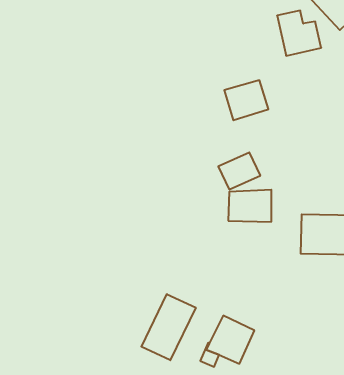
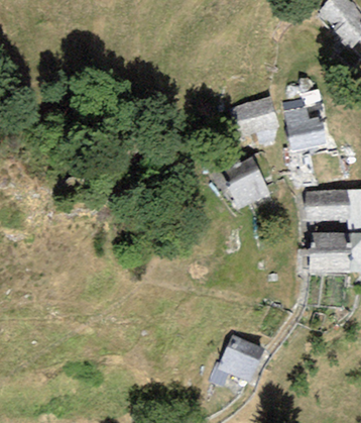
building: [277,11,321,56] -> [283,106,328,151]
building: [228,190,271,222] -> [306,188,349,220]
building: [141,294,196,360] -> none

